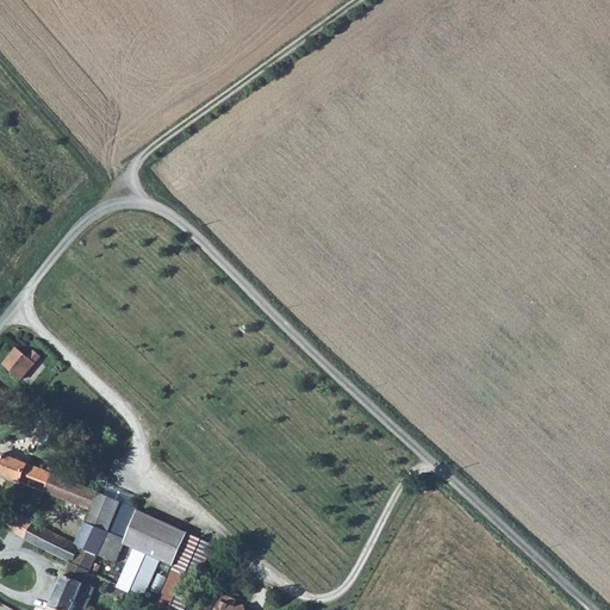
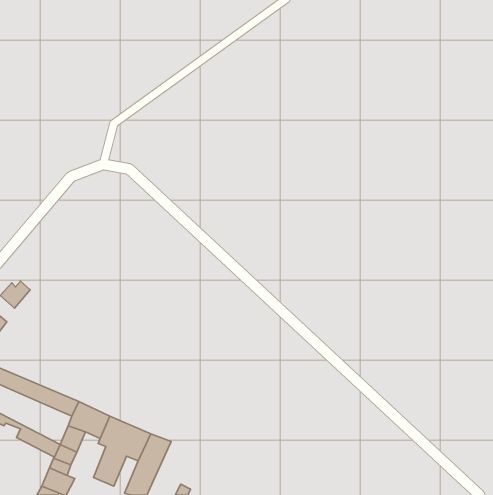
building: [94,529,123,561] -> none

